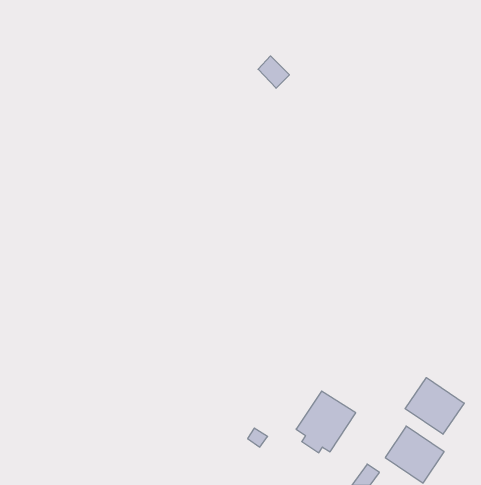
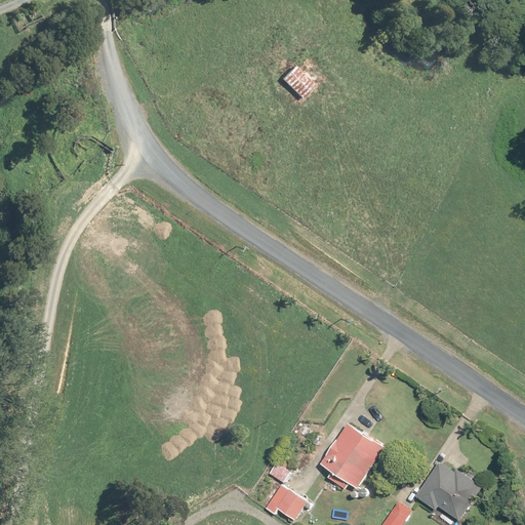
building: [405,378,464,434] -> none
building: none -> [265,484,306,520]

